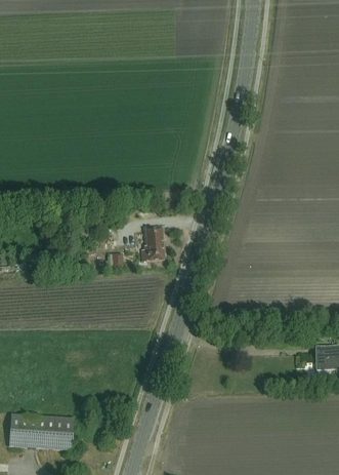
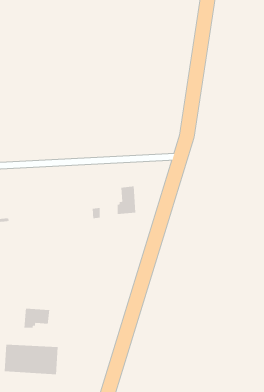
building: none -> [24,308,50,329]

